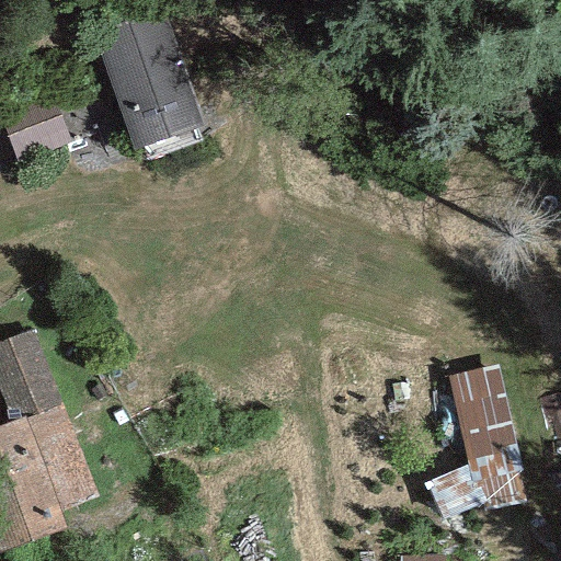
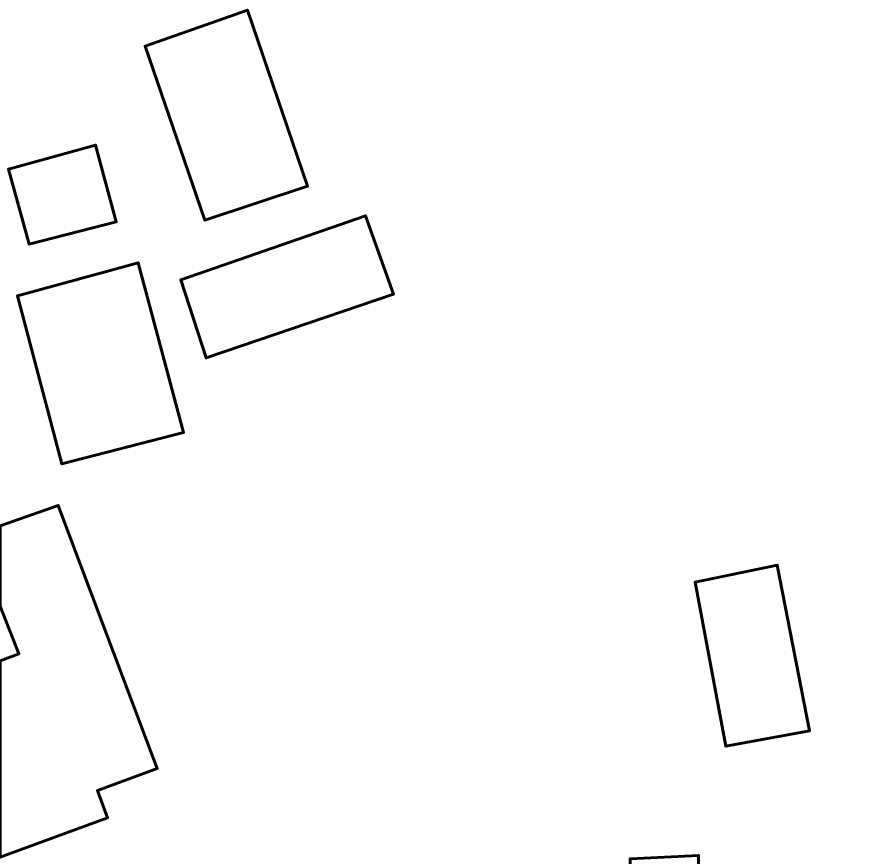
building: none -> [181,216,393,358]
building: none -> [18,263,183,464]

